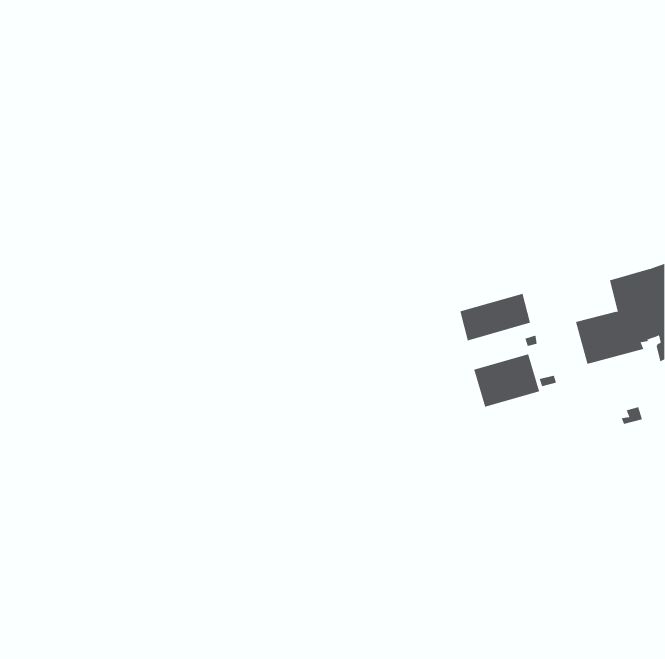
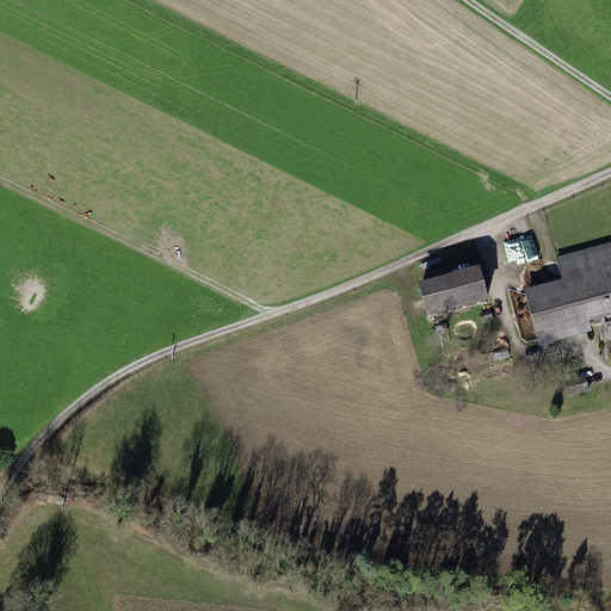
building: [473,354,540,408] -> none

